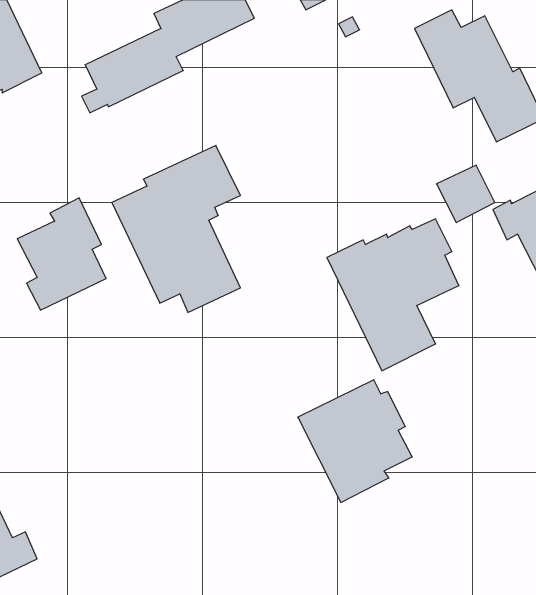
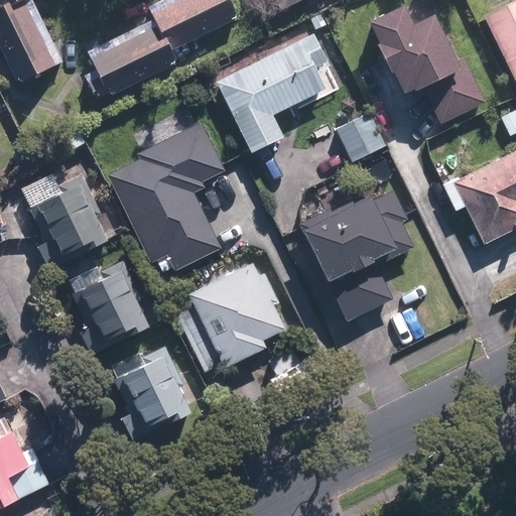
building: none -> [215,33,326,152]
building: [436,165,495,223] -> [334,112,384,161]
building: none -> [70,259,147,356]
building: [298,380,412,502] -> [185,262,284,368]
building: none -> [112,345,188,440]

